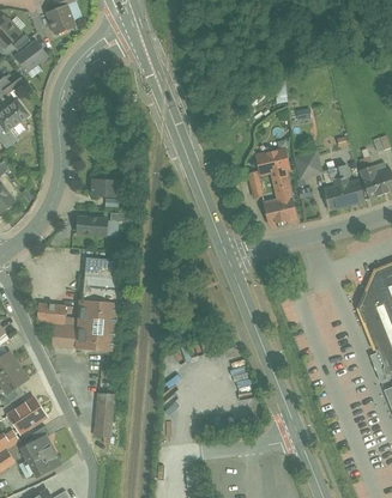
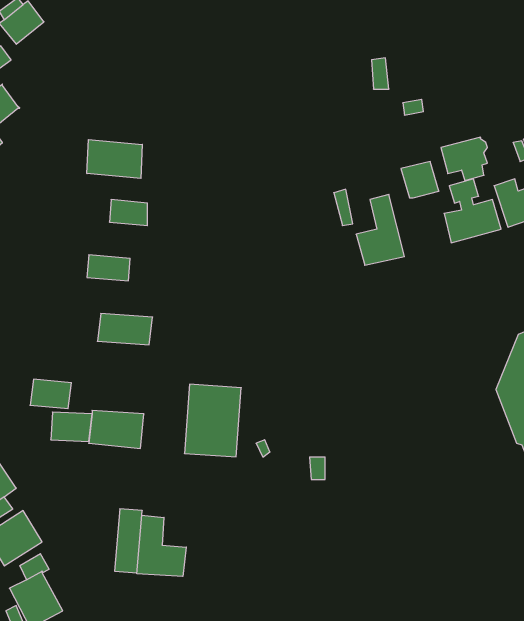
building: none -> [87,140,142,178]
building: [255,148,288,178] -> [441,137,487,180]
building: [79,277,119,327] -> [184,384,241,457]
building: none -> [137,515,186,576]

